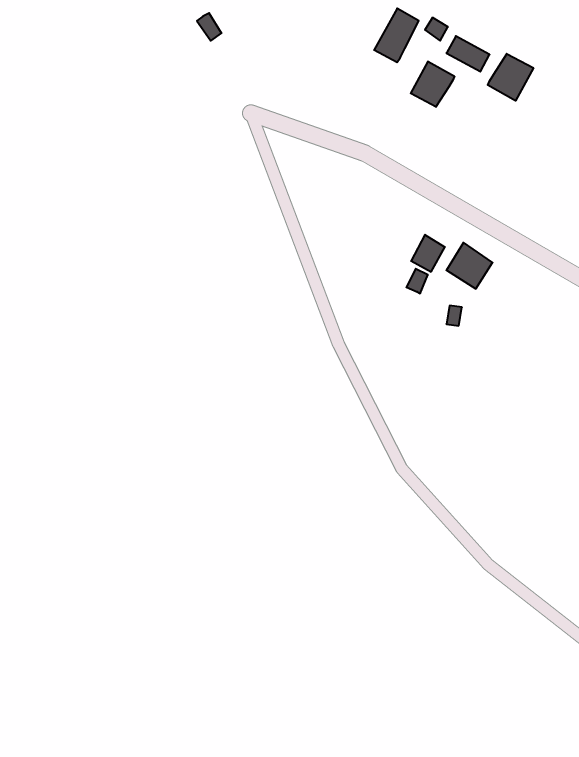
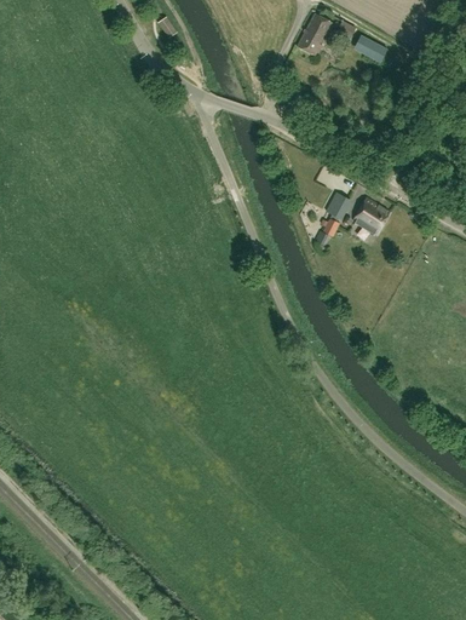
building: [488,54,533,101] -> none
building: [411,61,454,107] -> none

